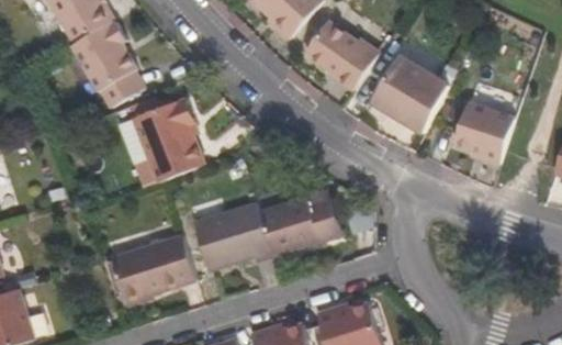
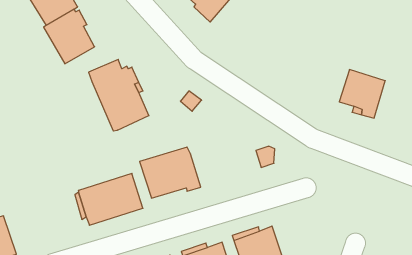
building: [306,21,378,90] -> none
building: [370,55,447,132] -> none
building: [261,191,340,254] -> none

